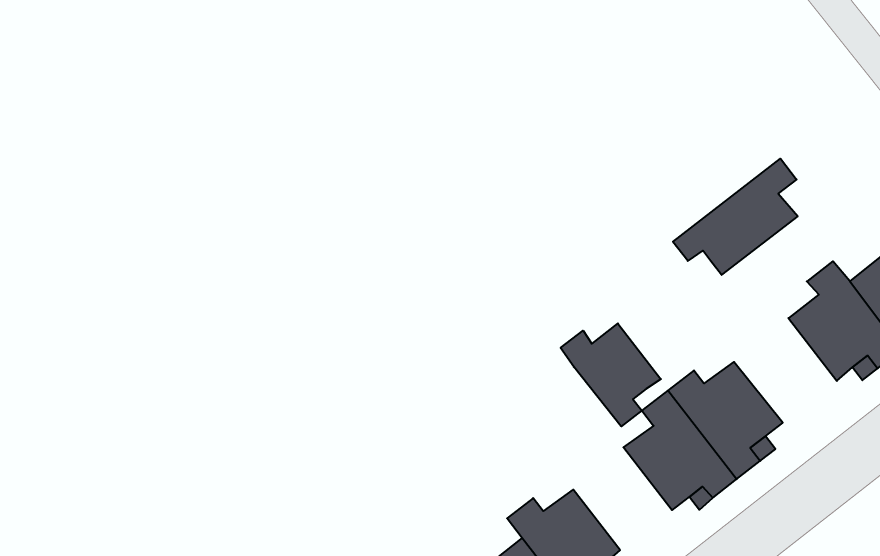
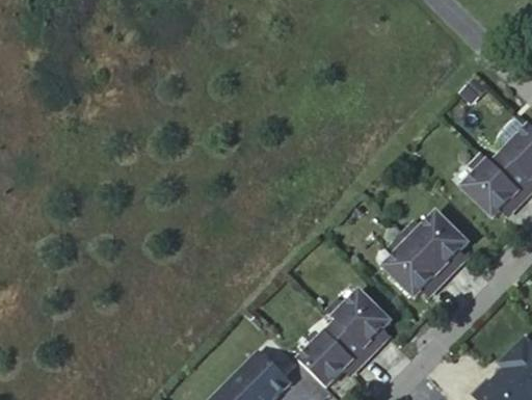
building: [673,159,798,275] -> none
building: [561,323,661,426] -> none

